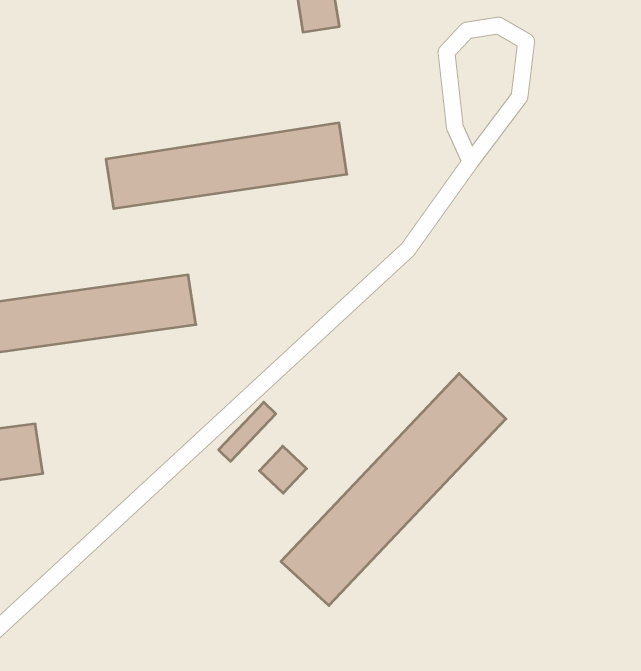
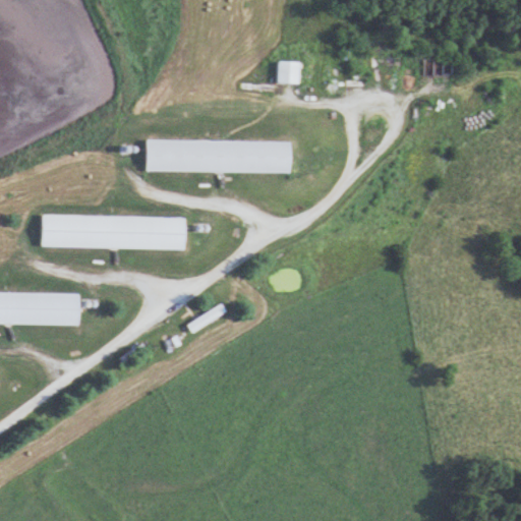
building: [281,373,506,606] -> none
building: [259,446,307,493] -> none

